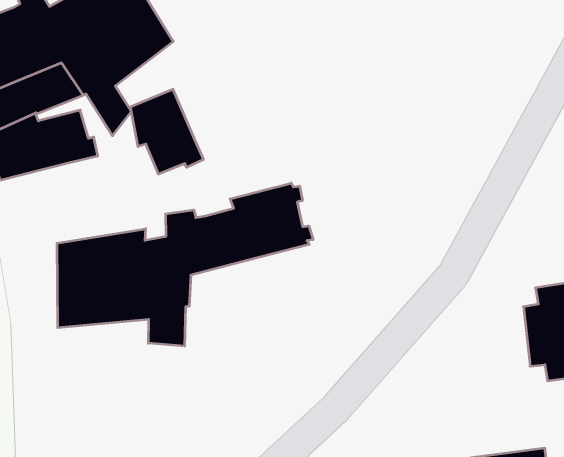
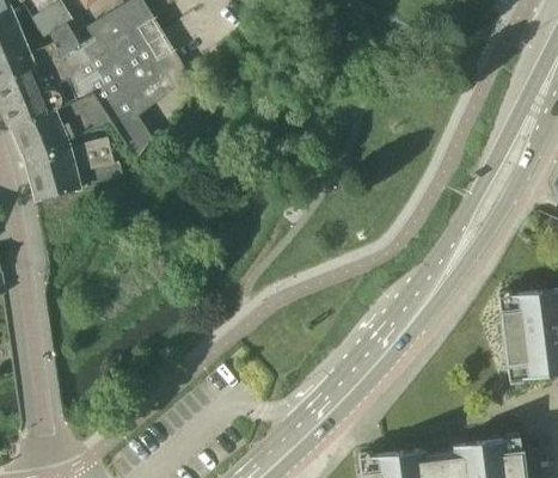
building: [131,89,203,174] -> none
building: [57,183,313,346] -> none

